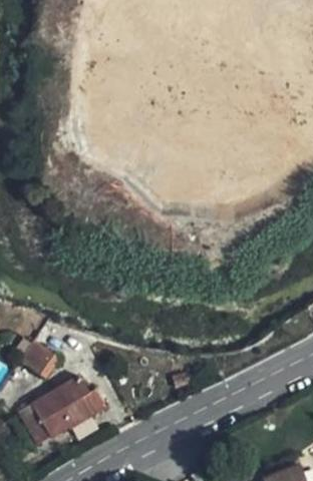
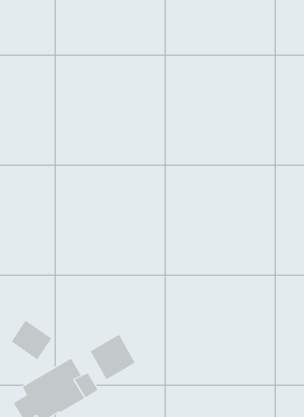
building: none -> [90,334,136,380]

